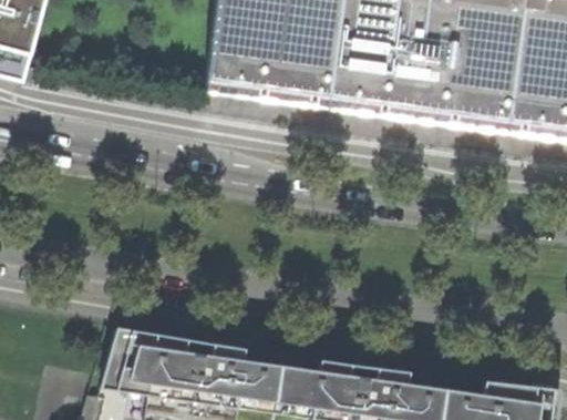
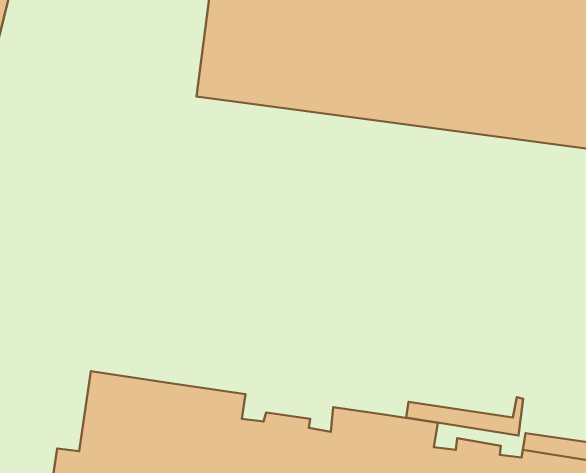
building: none -> [406,397,523,435]

